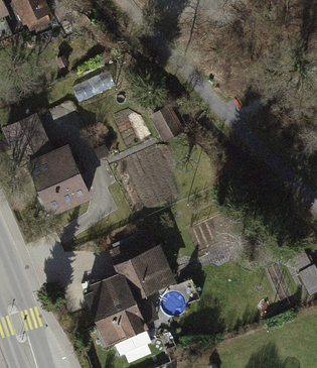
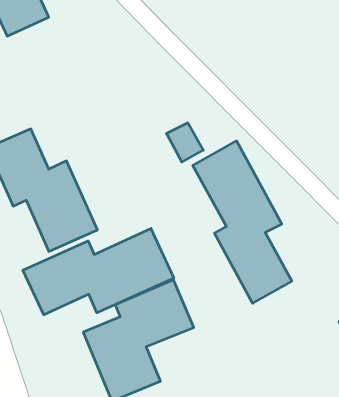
building: none -> [193,141,292,303]
building: none -> [23,228,174,315]

